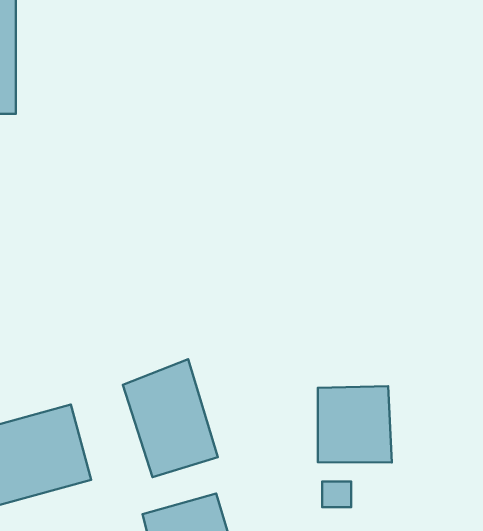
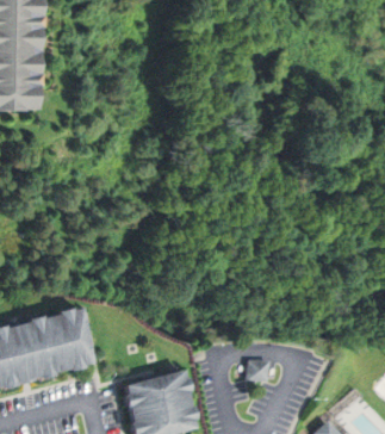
building: [123,359,218,477] -> none
building: [318,386,392,463] -> none

